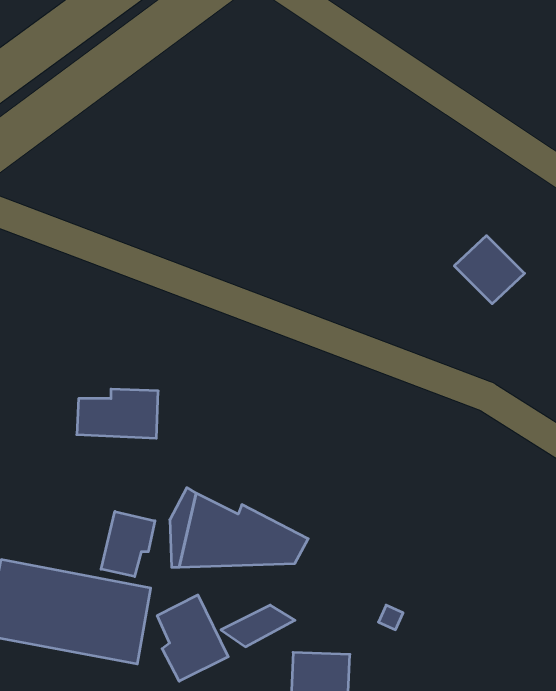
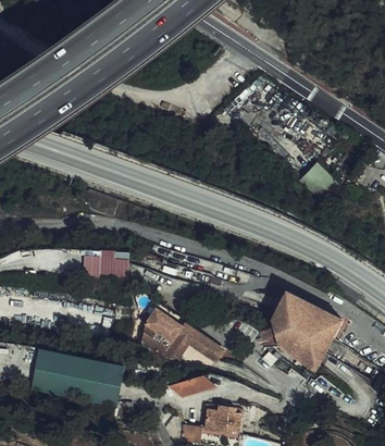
building: none -> [270,296,339,372]
building: [101,511,155,577] -> none
building: [157,595,228,681] -> none

